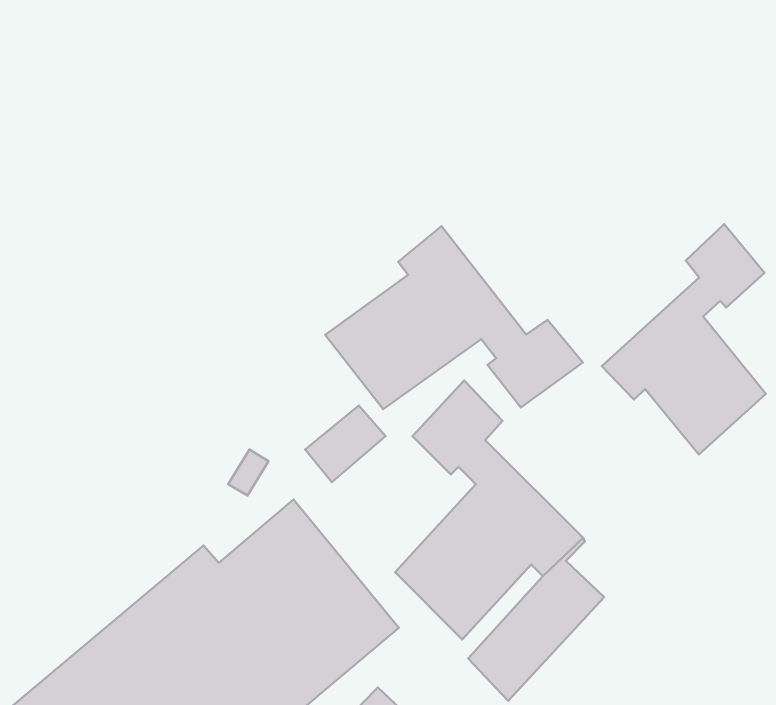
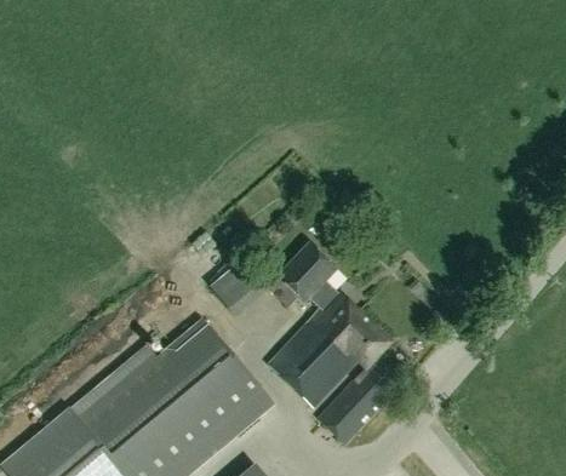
building: [602,224,766,455] -> none
building: [325,226,583,409] -> none

